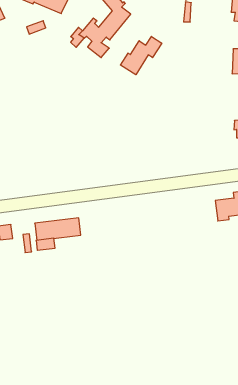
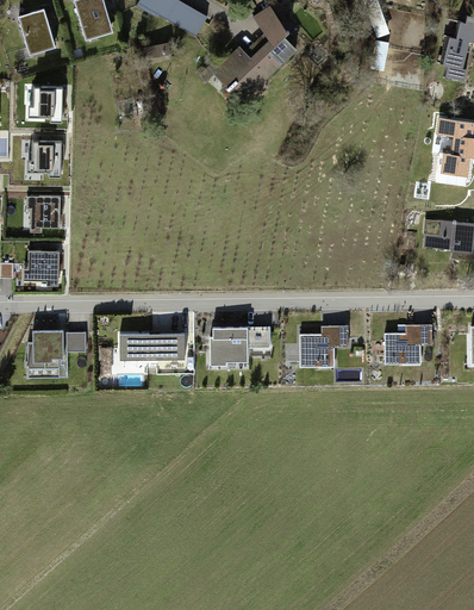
building: [120,36,162,75] -> none
building: none -> [300,325,348,366]
building: none -> [210,326,270,365]

